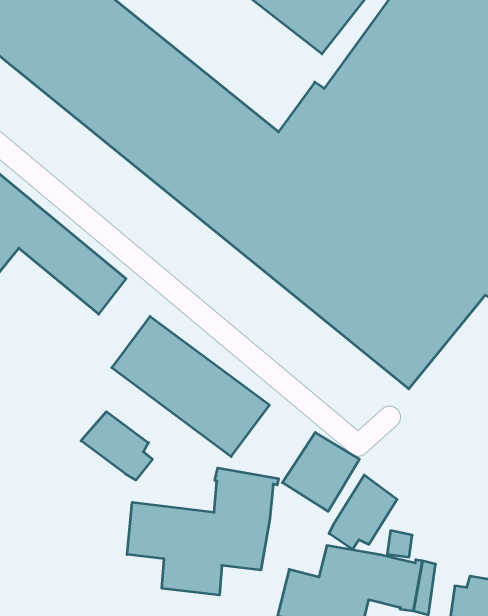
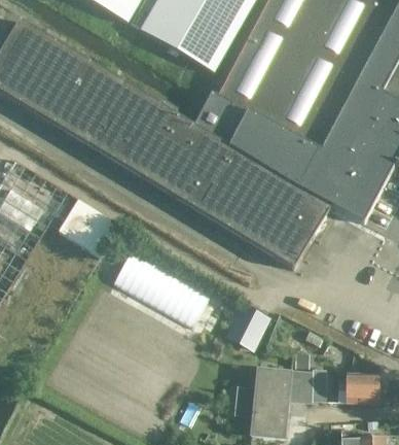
building: [81,412,152,480] -> none
building: [127,468,279,595] -> none
building: [329,475,397,549] -> none

